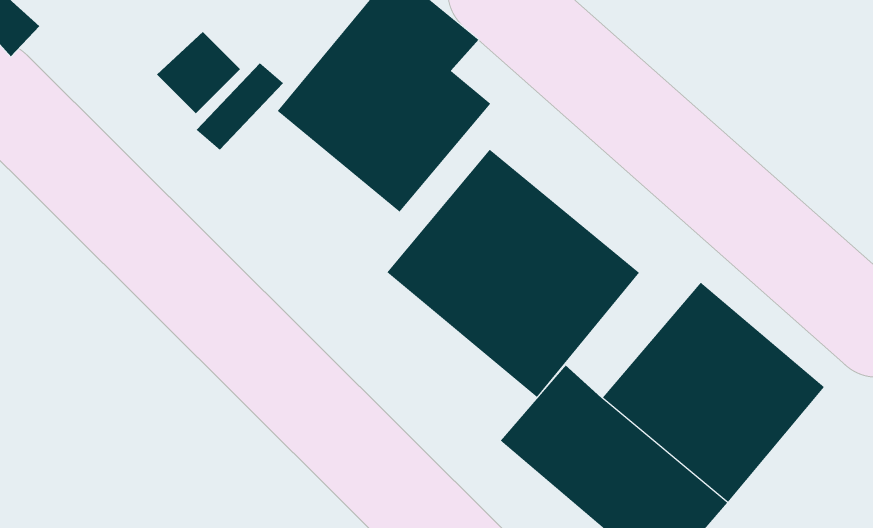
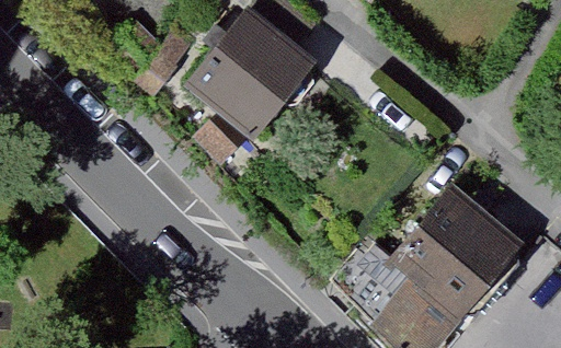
building: [387,149,640,398] -> none

